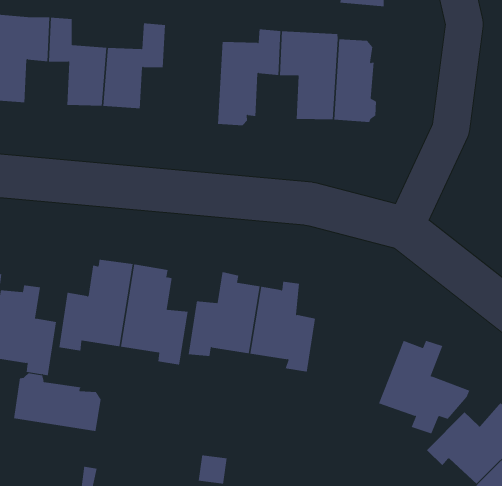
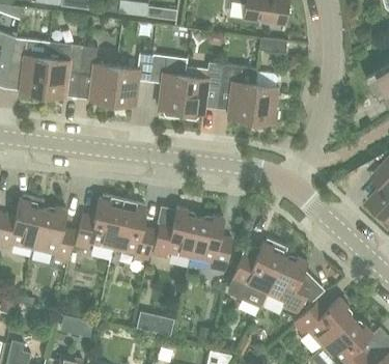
building: none -> [149,56,186,118]
building: none -> [226,240,287,308]
building: [14,373,101,432] -> none

